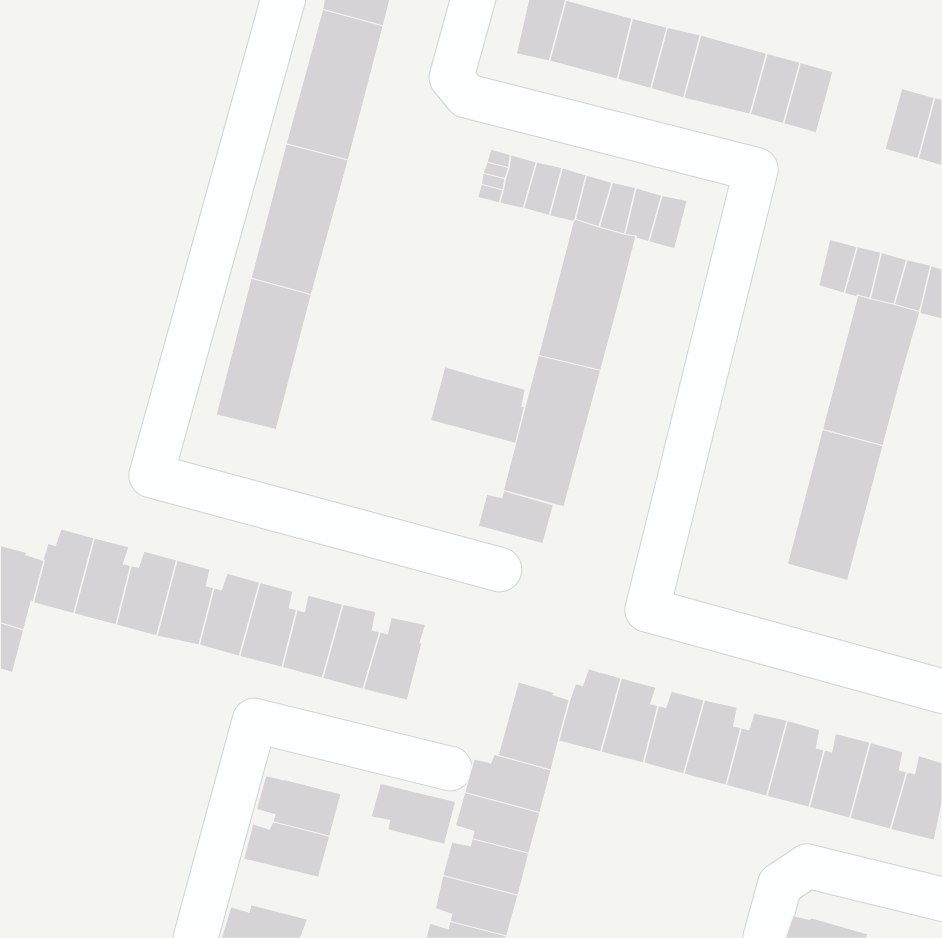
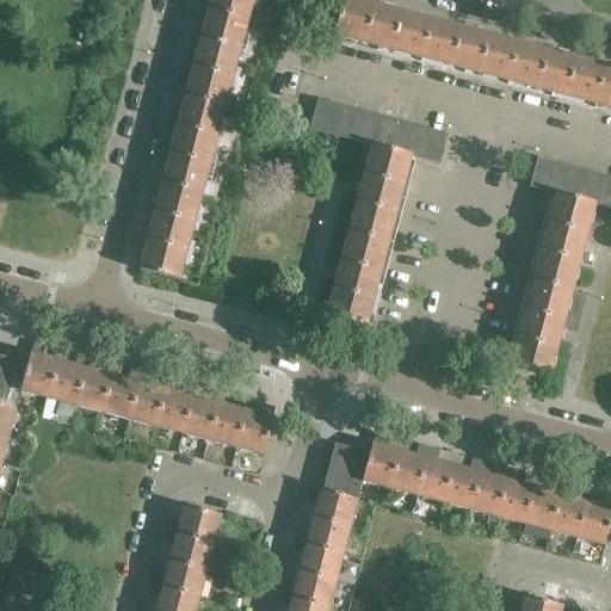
building: none -> [529,47,584,97]
building: [430,367,525,444] -> none
building: [478,490,554,544] -> none
building: [371,783,456,844] -> [152,556,206,595]

